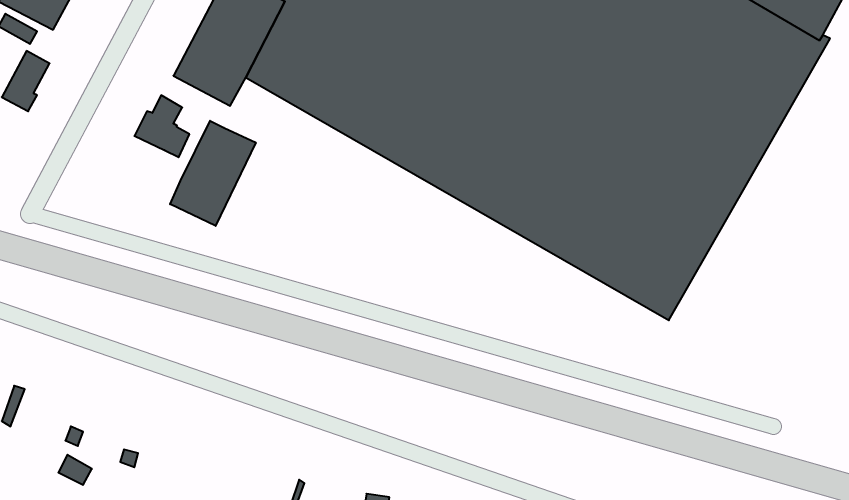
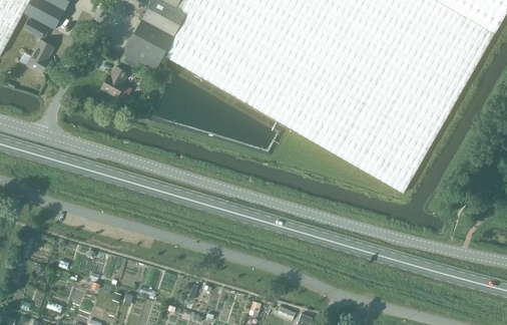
building: [170,121,256,226] -> none

